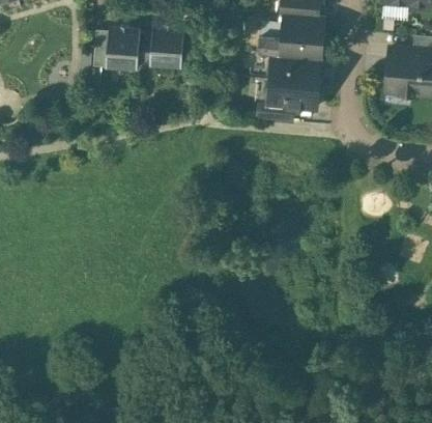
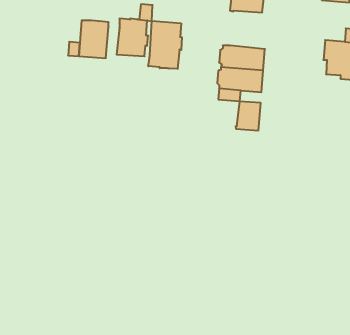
building: [279,13,322,58] -> none
building: none -> [148,21,182,69]
building: none -> [236,101,260,131]

